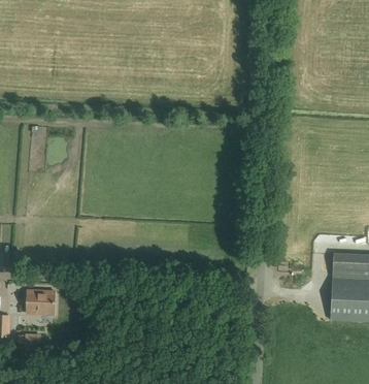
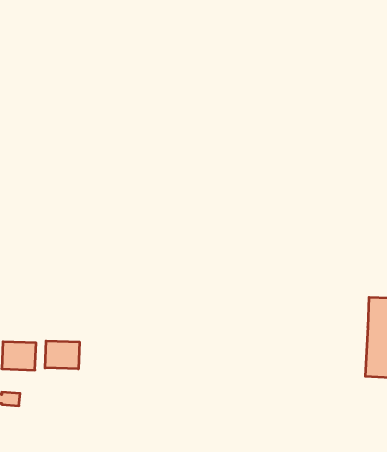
building: none -> [45,341,79,369]

